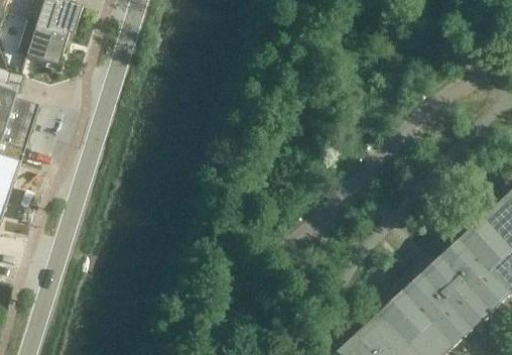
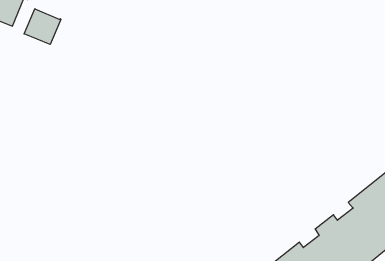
building: none -> [24,9,61,44]

